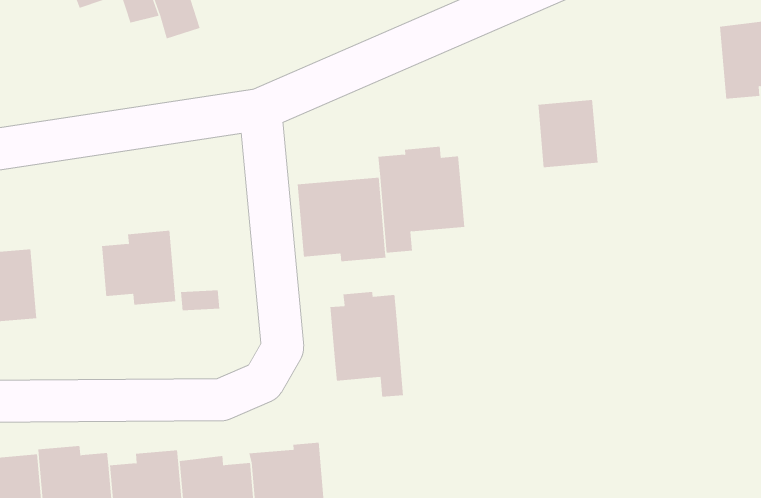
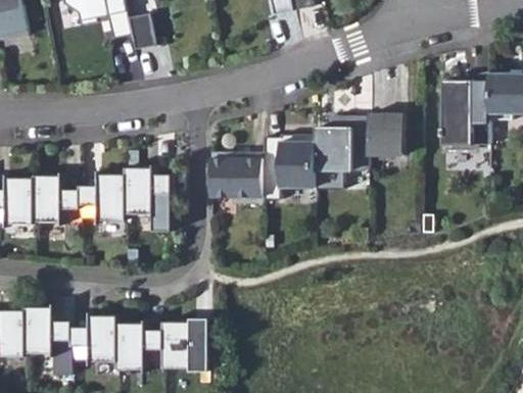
building: none -> [443,72,489,152]
building: none -> [316,116,369,171]
building: none -> [127,167,173,212]
building: none -> [37,177,82,222]
building: [330,291,404,398] -> none

